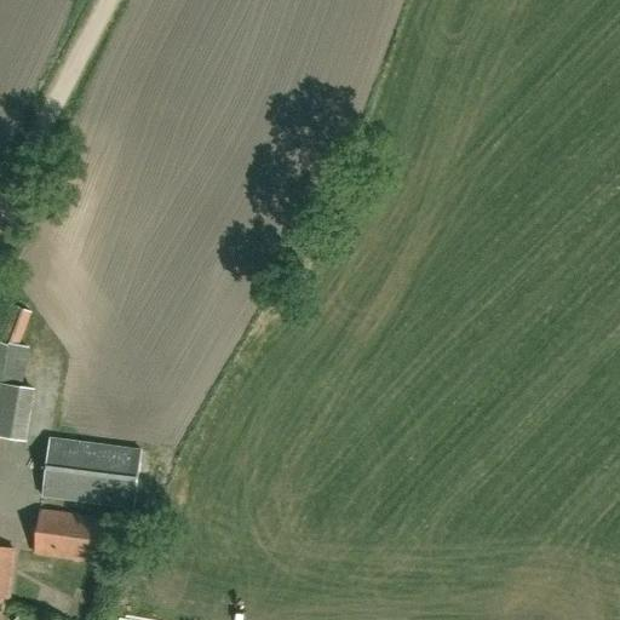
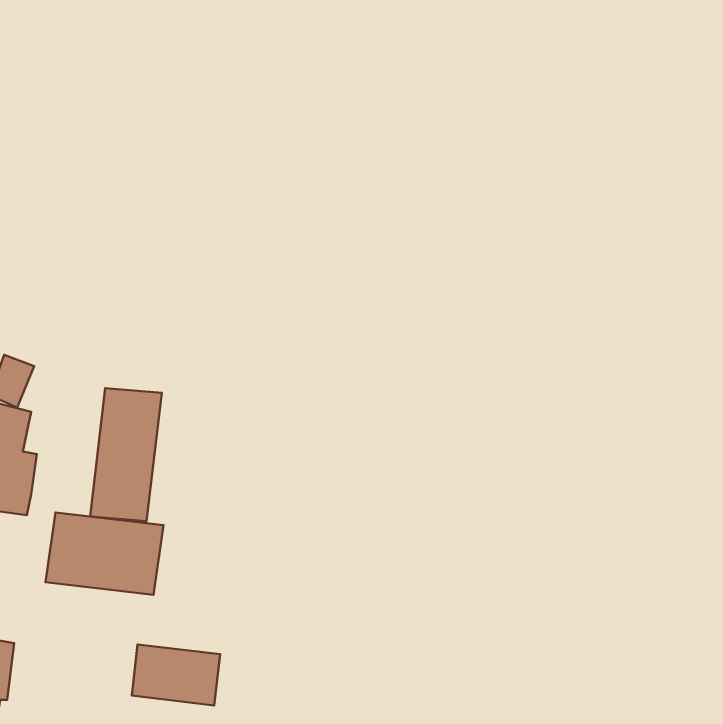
building: none -> [90,388,162,521]
building: [34,509,109,561] -> [132,644,220,705]

